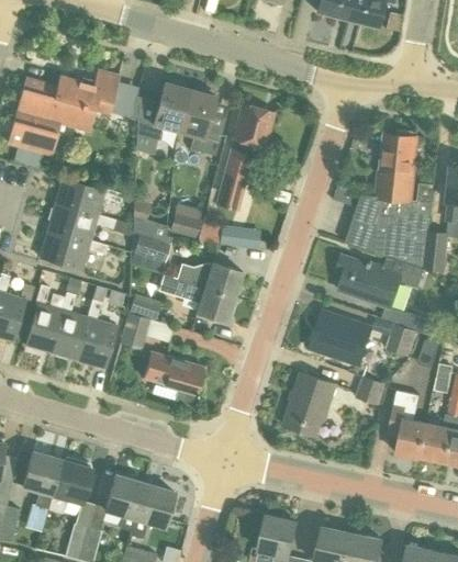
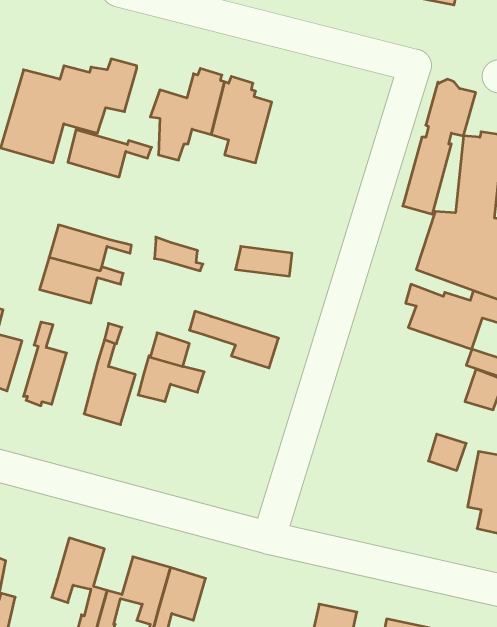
building: [213,101,272,211] -> [403,79,476,214]
building: [54,179,122,217] -> [68,130,152,177]
building: [168,203,201,238] -> none
building: [133,234,169,262] -> none
building: [178,262,242,297] -> none
building: [48,291,86,359] -> none
building: [310,310,371,364] -> none
building: [142,350,203,401] -> none
building: [283,372,335,435] -> none
building: [22,451,63,508] -> none

